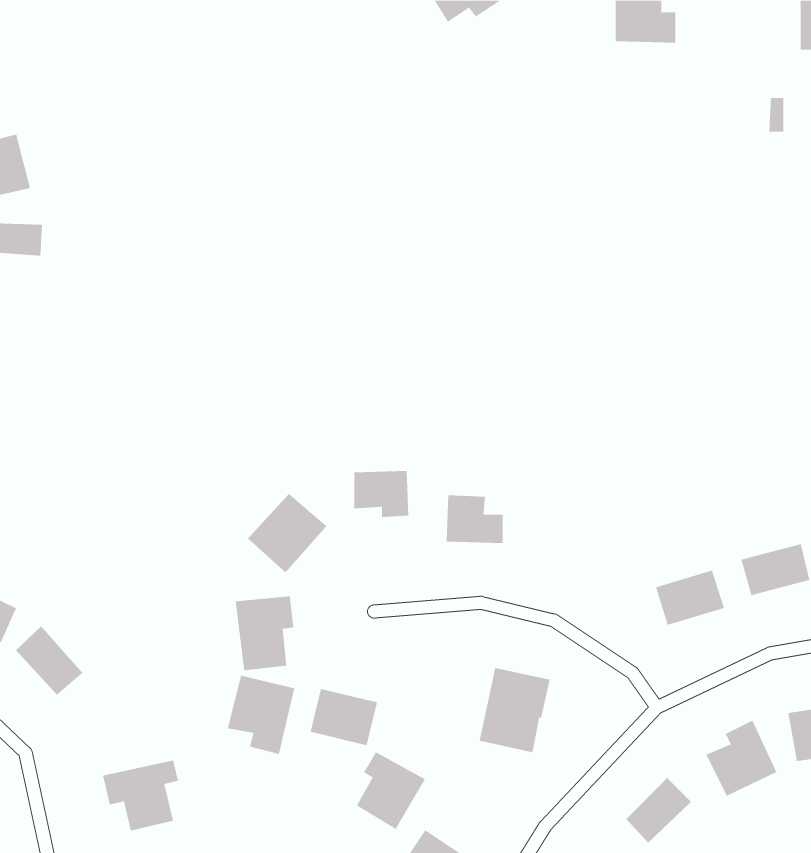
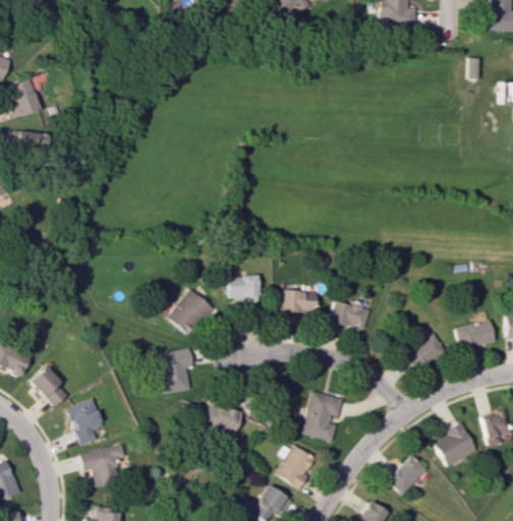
building: none -> [329,301,372,331]
building: [227,675,295,755] -> none
building: none -> [68,398,105,446]
building: [356,751,426,830] -> [275,443,316,488]

